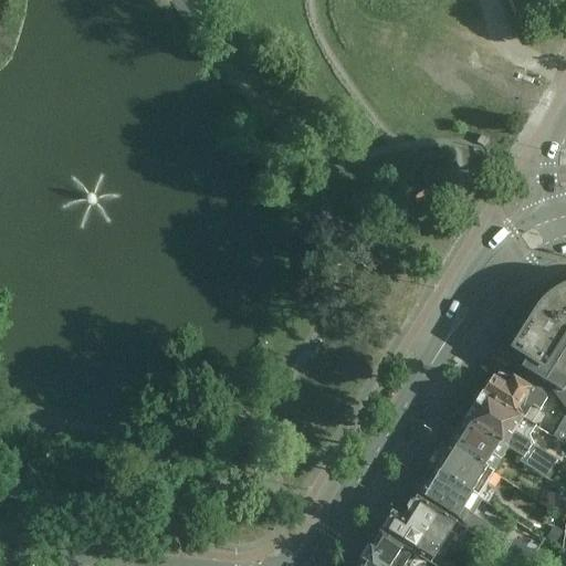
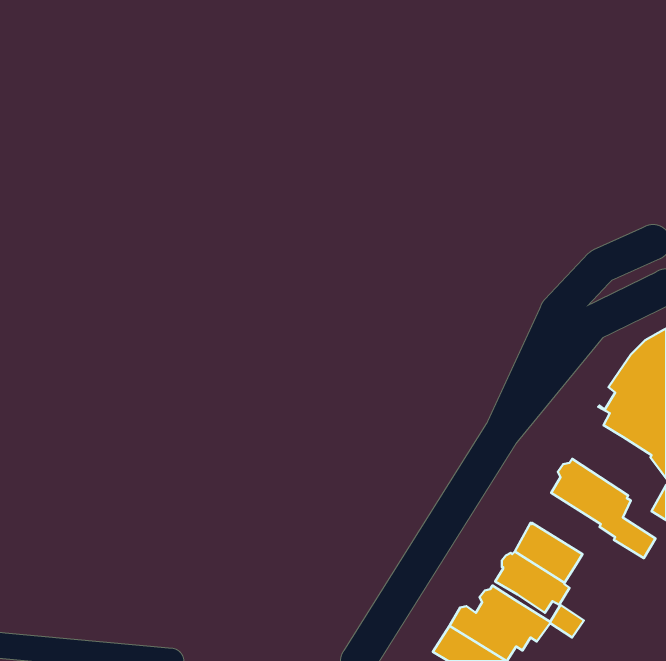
building: [483,370,553,420] -> none
building: [450,418,510,470] -> none

